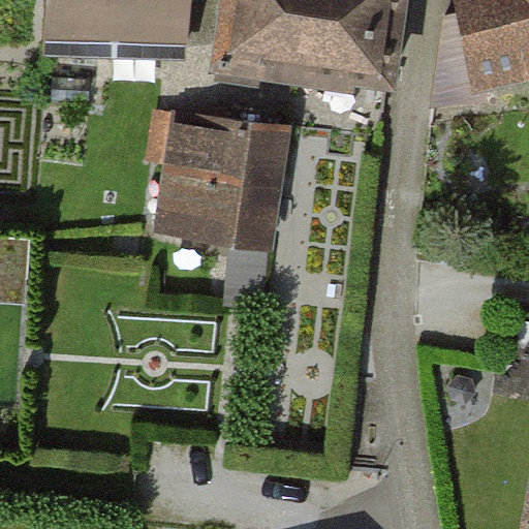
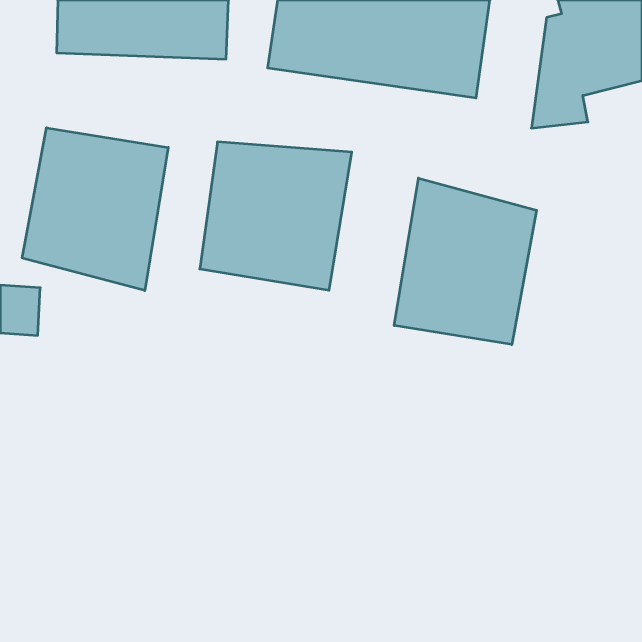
building: none -> [22,128,168,291]
building: none -> [394,178,537,345]

